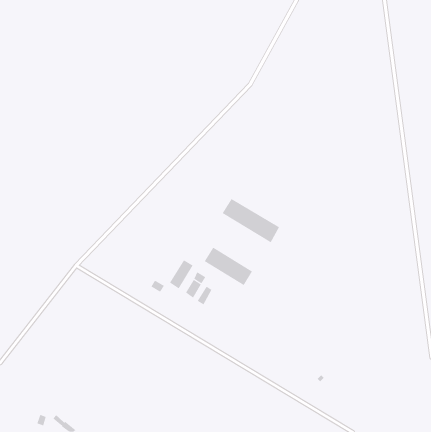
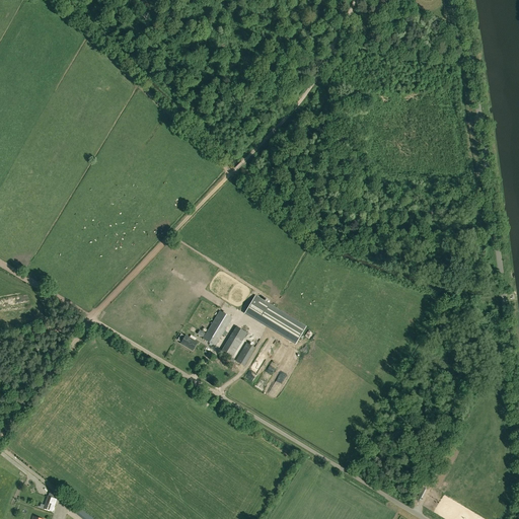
building: [222,198,280,243] -> none

